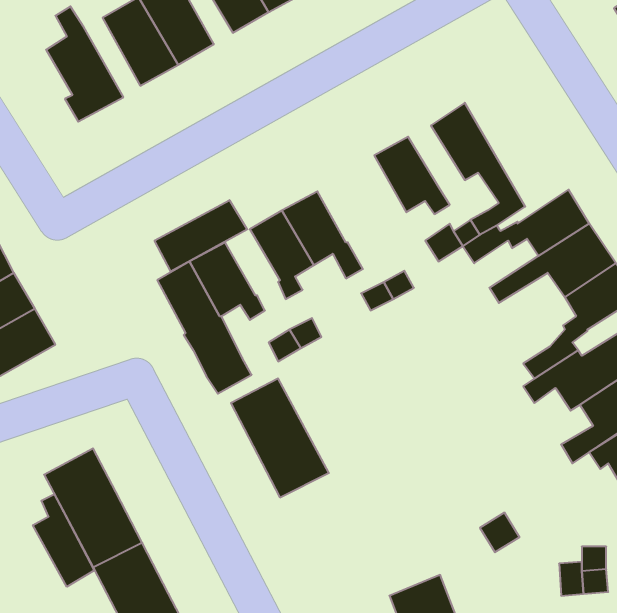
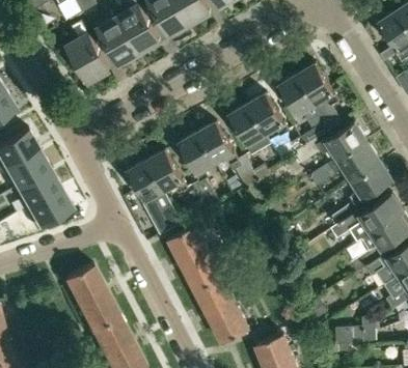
building: none -> [297,63,342,132]
building: none -> [228,104,270,154]
building: [155,200,247,272] -> none
building: none -> [195,278,249,343]
building: [33,494,94,587] -> none

